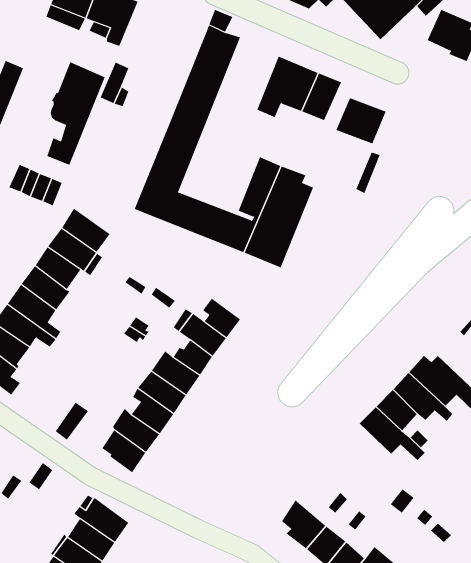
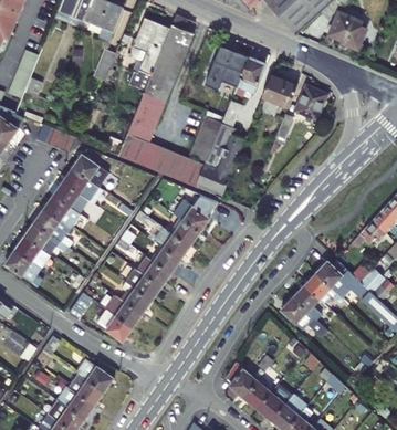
building: [47,62,105,166] -> [128,15,170,90]
building: none -> [297,86,327,120]
building: none -> [169,195,212,233]

